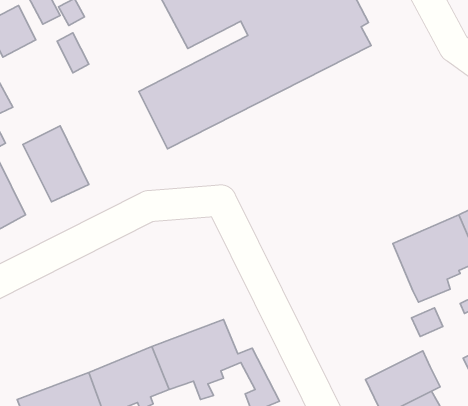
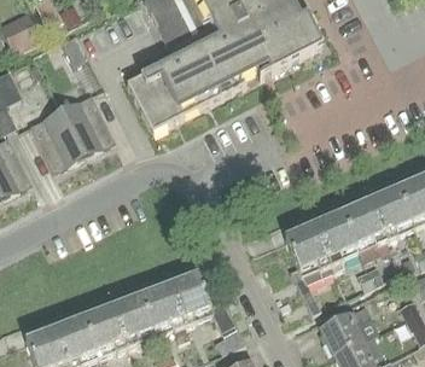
building: none -> [60,94,115,159]
building: none -> [283,209,357,311]

